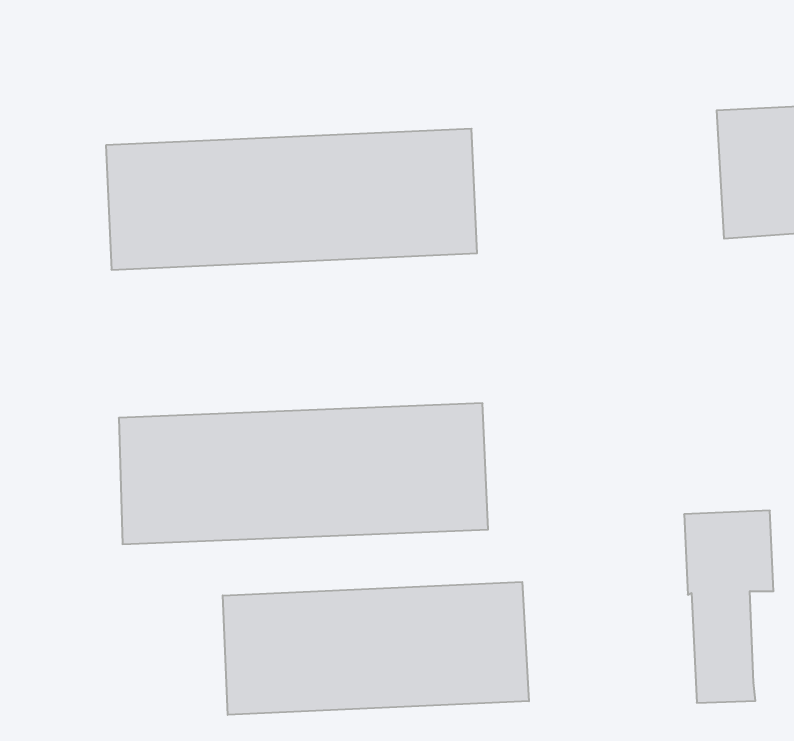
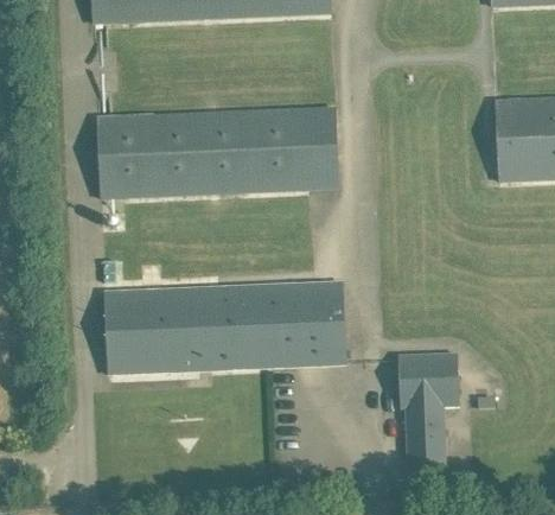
building: [684,511,774,703] -> [400,348,458,472]
building: [223,582,529,715] -> none

